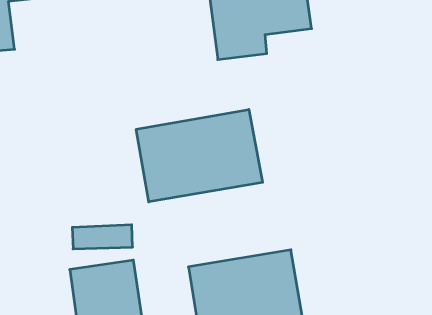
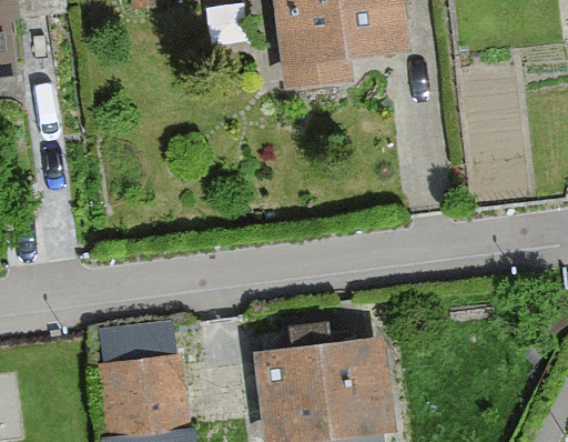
building: [136,109,263,202] -> none

